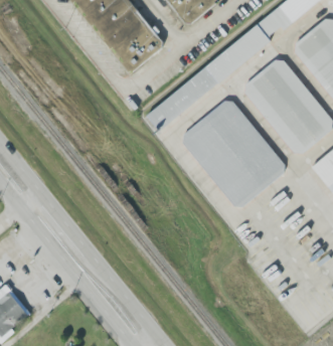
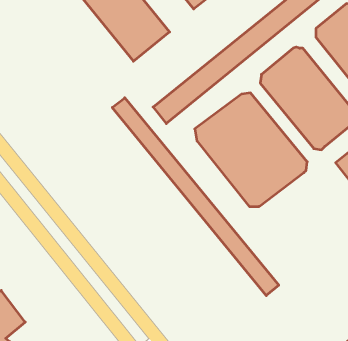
building: none -> [112,98,279,296]

